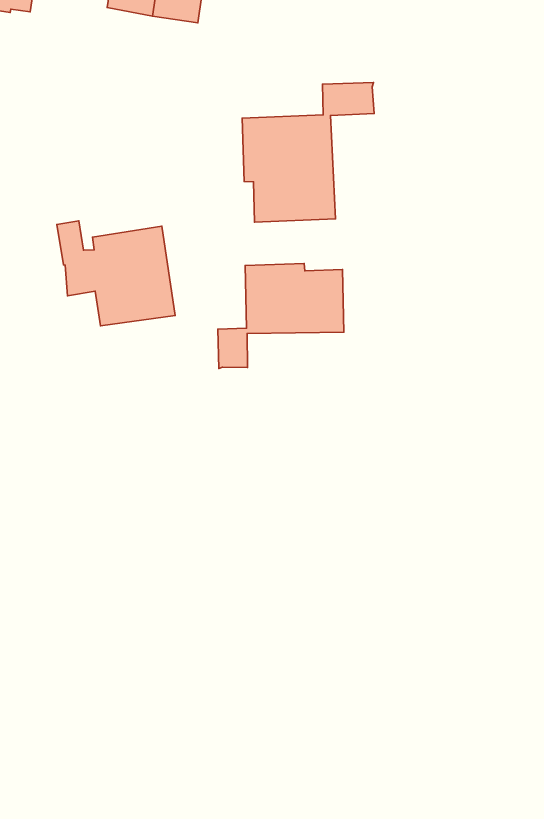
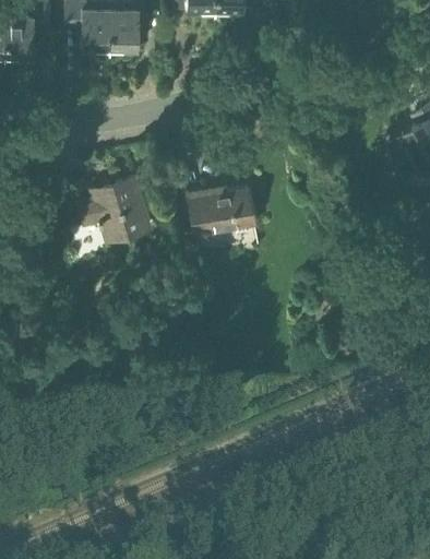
building: [242,83,374,222] -> none

